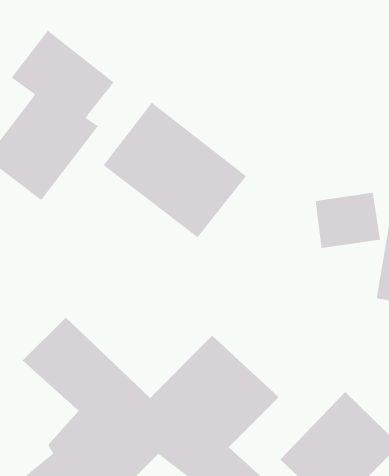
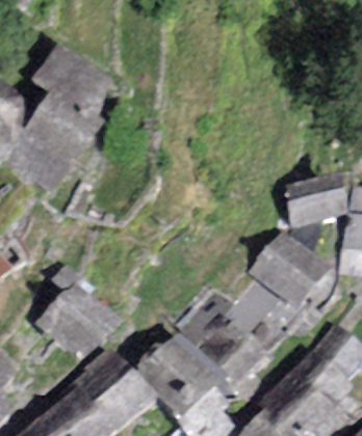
building: [103,102,247,238] -> none
building: none -> [247,229,332,314]

